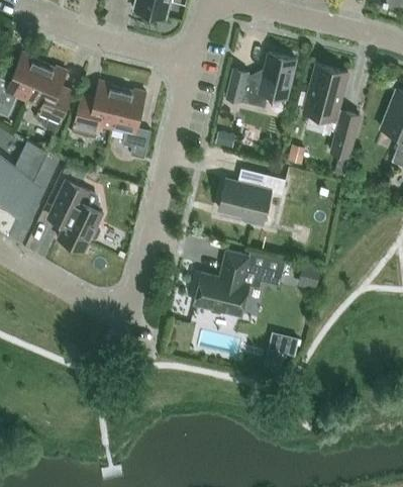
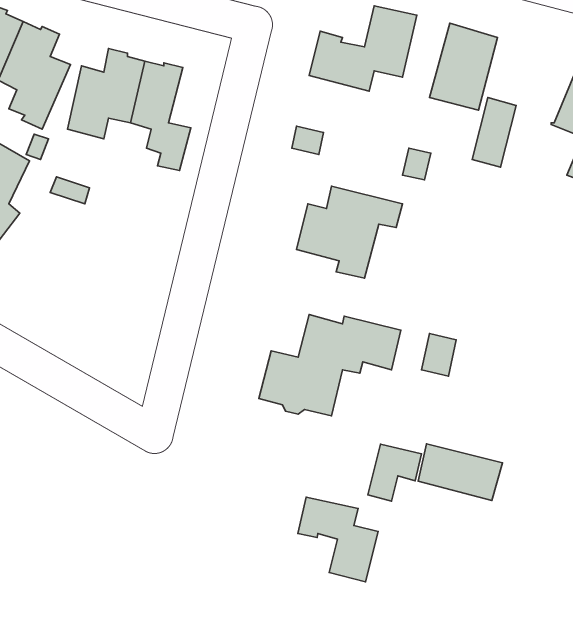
building: [47,180,103,249] -> none
building: none -> [418,444,502,501]
building: none -> [298,497,378,582]

